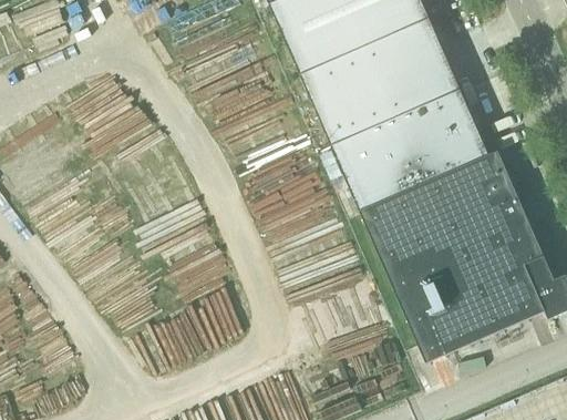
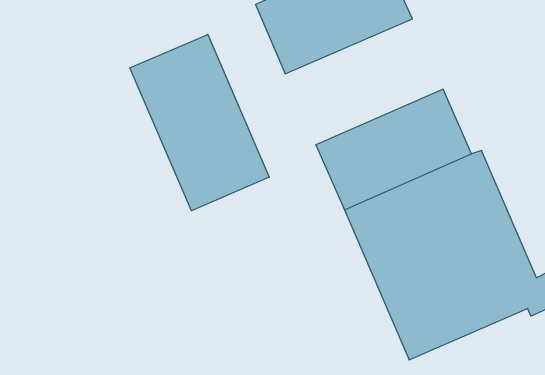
building: [301,20,461,147] -> none
building: none -> [130,34,269,211]

